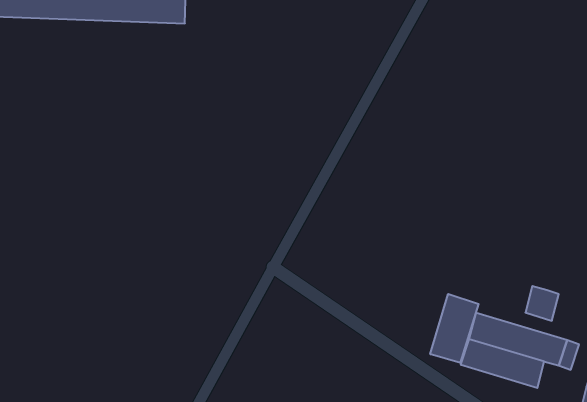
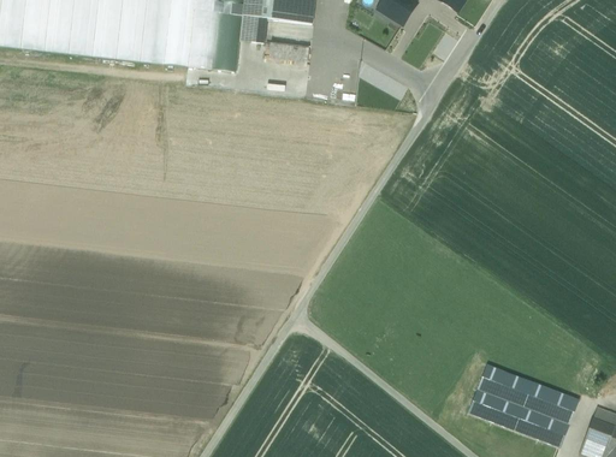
building: [525,286,559,321] -> [537,413,569,446]
building: [430,294,479,363] -> none

